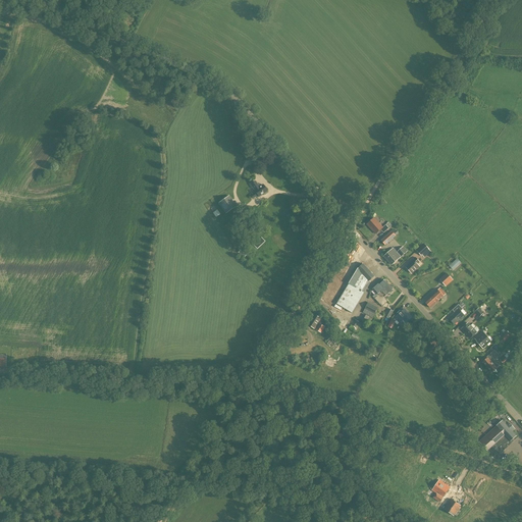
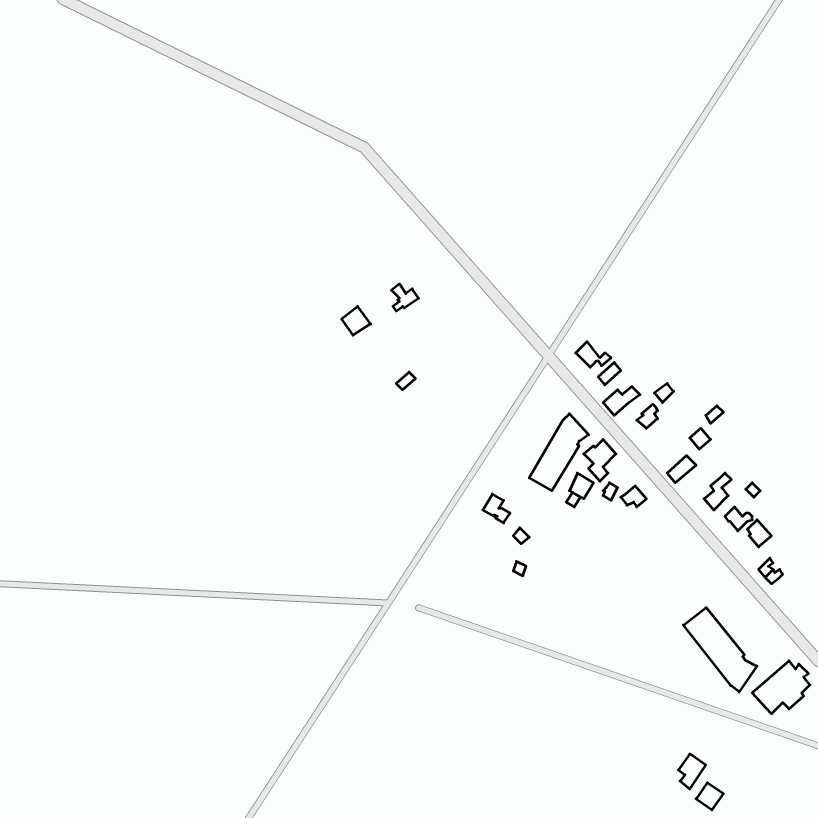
building: none -> [683,608,757,692]

